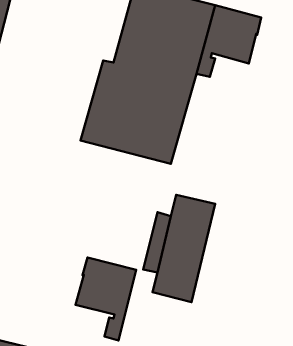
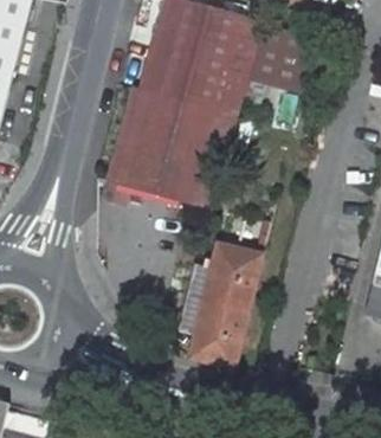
building: [75,258,136,341] -> none

